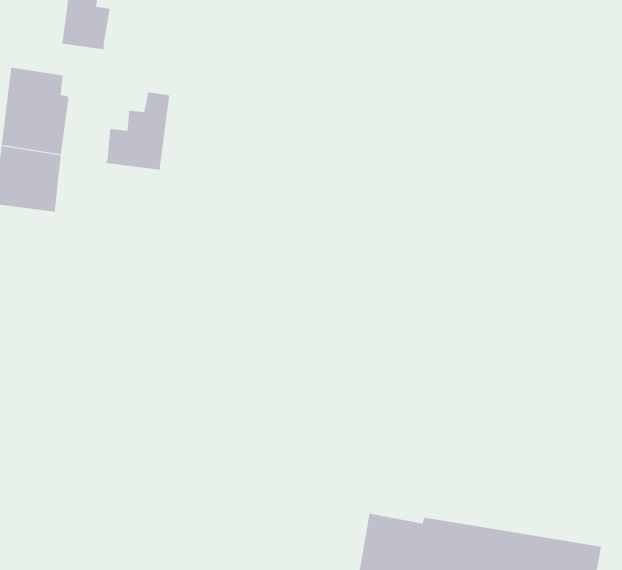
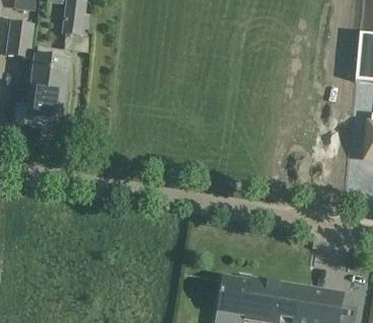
building: [106,92,170,171] -> none

